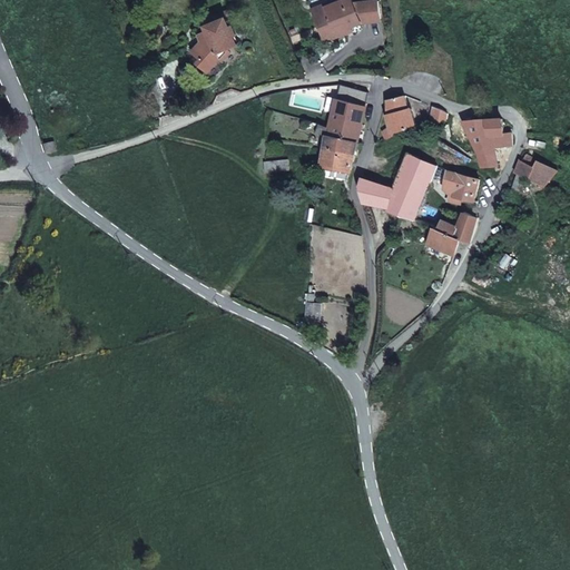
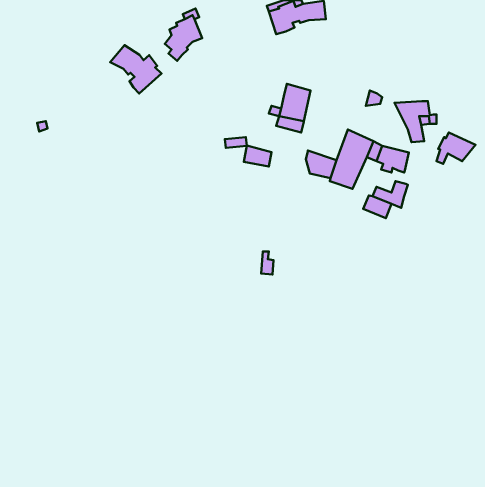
building: none -> [110,45,161,94]
building: [380,95,412,139] -> none
building: [320,147,352,171] -> [244,146,272,167]

